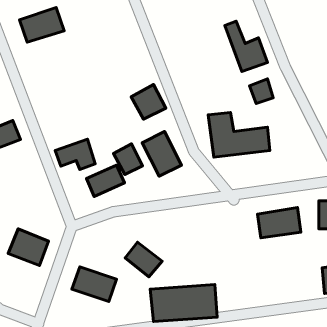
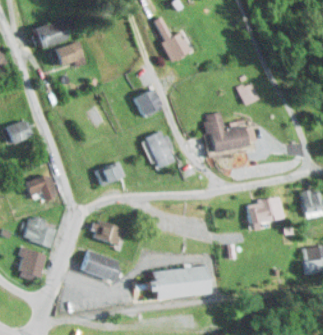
building: [225,21,267,71] -> [153,16,191,61]
building: none -> [47,40,86,69]
building: [55,139,95,169] -> [21,173,57,200]
building: [113,144,142,175] -> none
building: [125,242,162,277] -> [91,218,124,249]
building: none -> [19,251,44,278]

